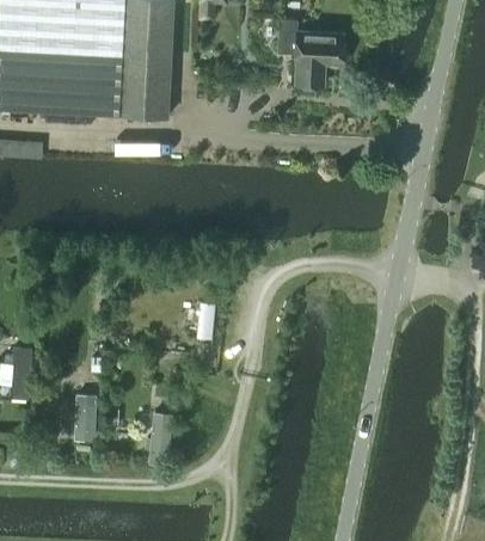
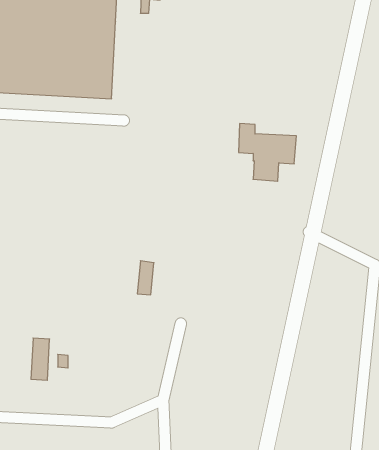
building: [278,18,345,85] -> [239,124,296,181]
building: [145,413,171,467] -> none

